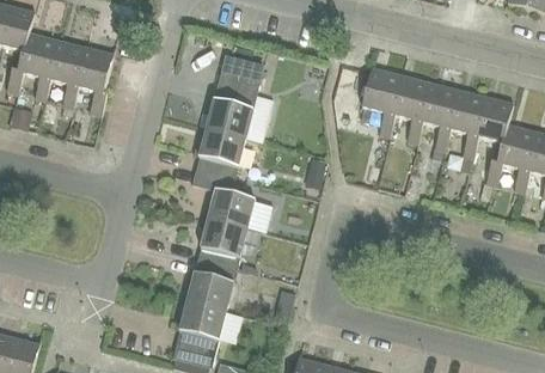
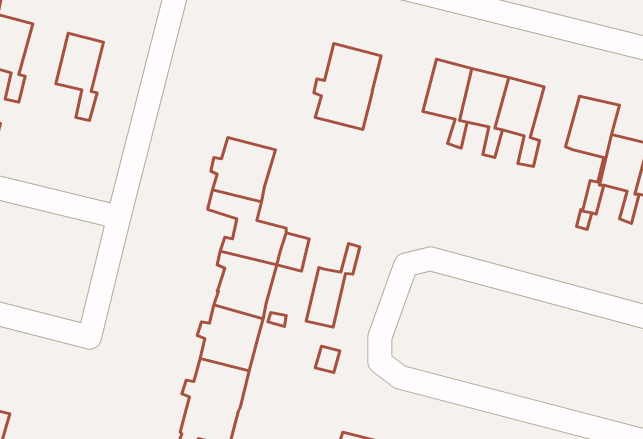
building: [47,38,85,106] -> none
building: [208,69,261,136] -> [314,44,381,130]
building: [445,87,483,171] -> none
building: none -> [306,244,360,327]

